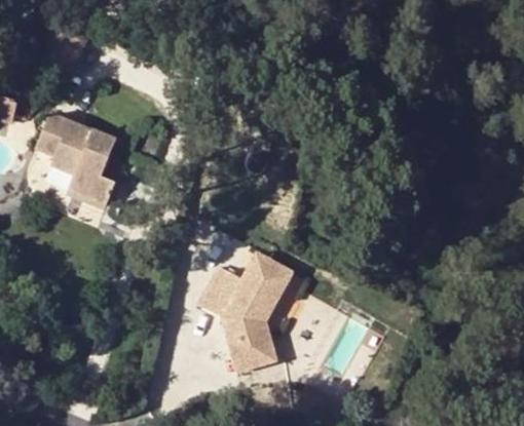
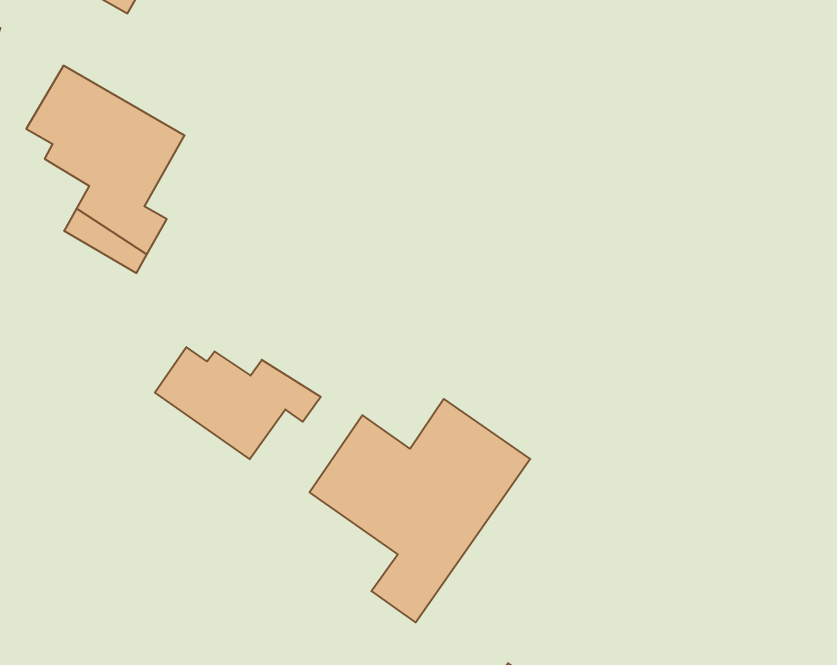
building: none -> [155,347,321,459]

